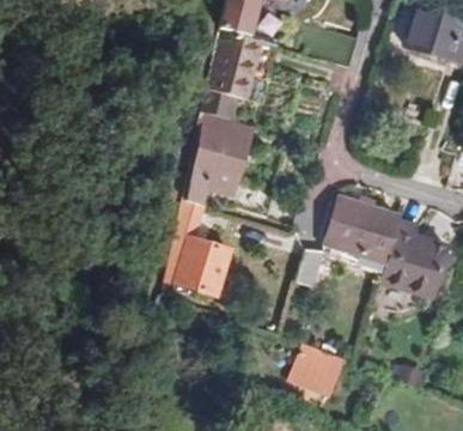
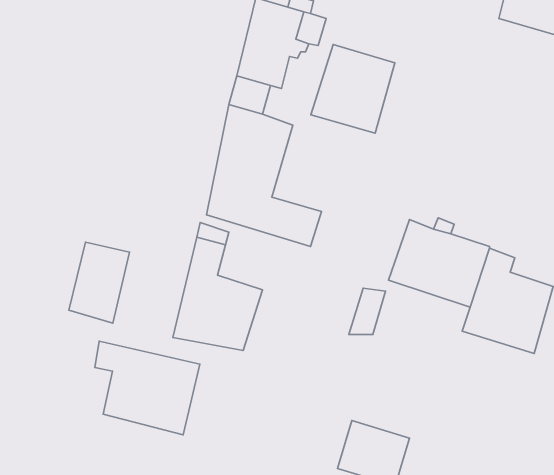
building: none -> [311,44,395,133]
building: none -> [69,242,130,323]
building: none -> [95,341,200,435]

